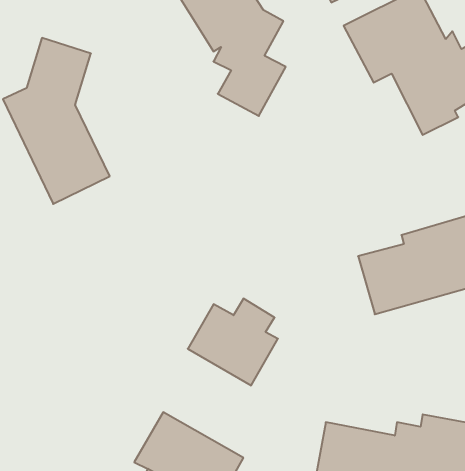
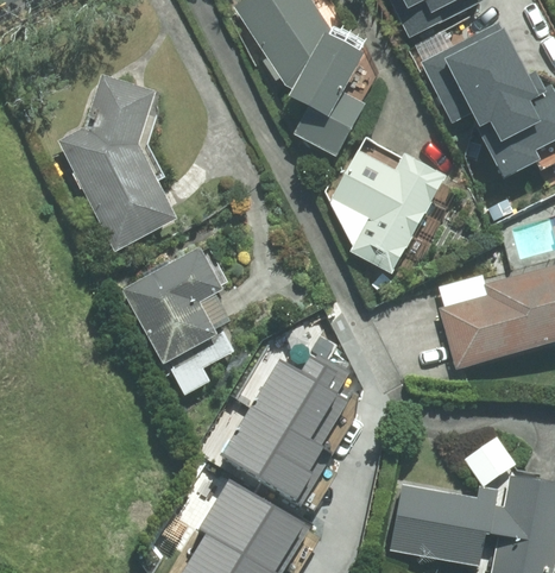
building: none -> [329,151,442,275]
building: none -> [120,247,219,363]
building: none -> [227,405,338,503]

